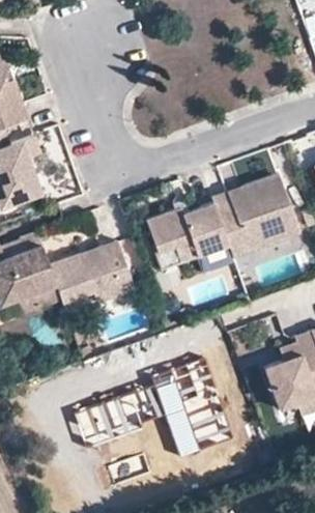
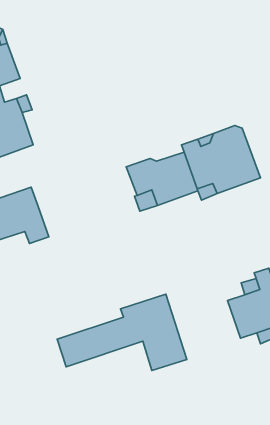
building: [49,238,135,302] -> none

